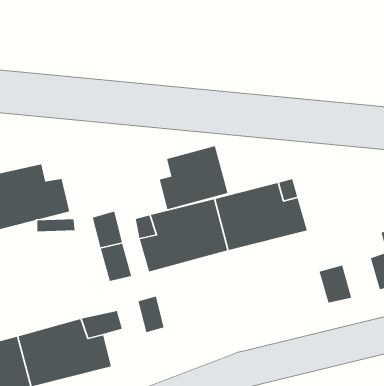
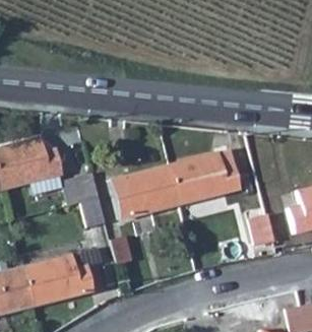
building: [159,145,229,210] -> none

